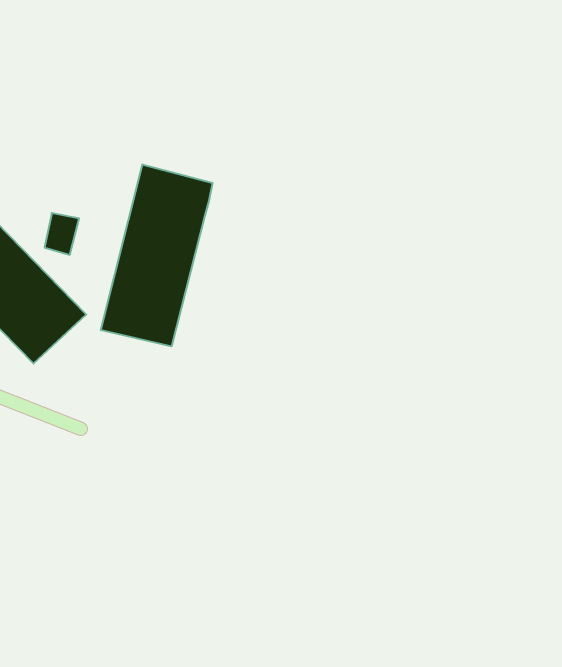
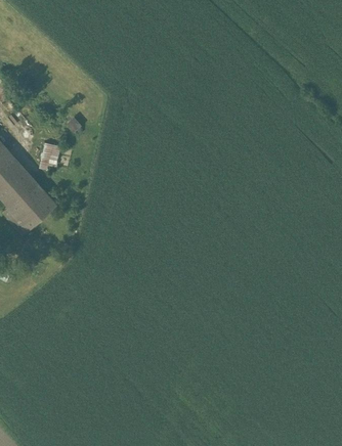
building: [101,164,212,346] -> none

